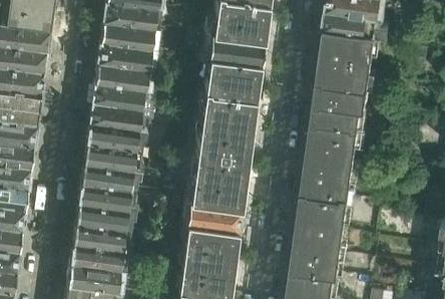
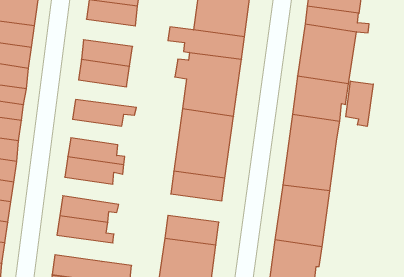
building: [99,23,152,51] -> none
building: [91,85,154,113] -> none
building: none -> [346,81,373,126]
building: [86,125,145,152] -> none
building: [78,185,136,213] -> none
building: [185,202,241,231] -> none
building: [70,244,129,271] -> none

